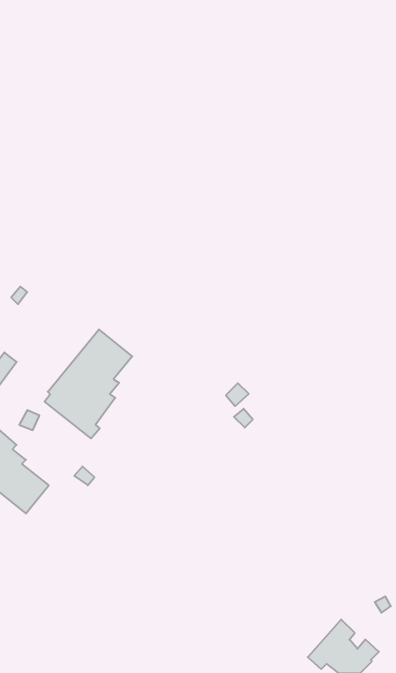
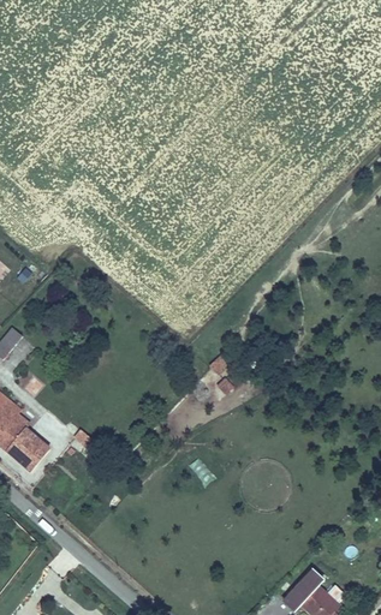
building: [45,329,132,438] -> none

